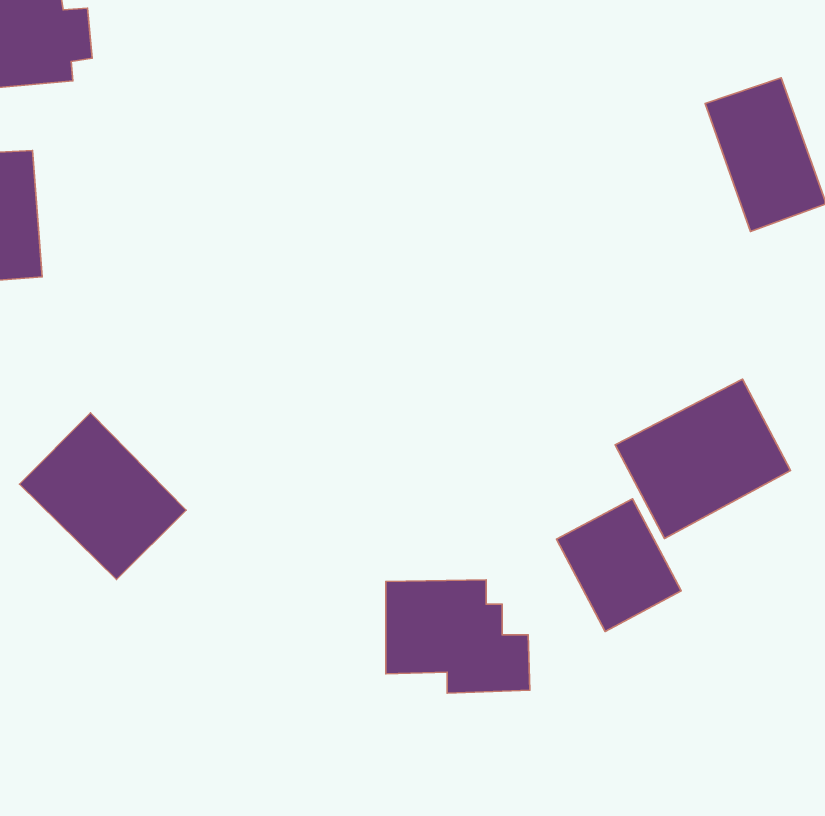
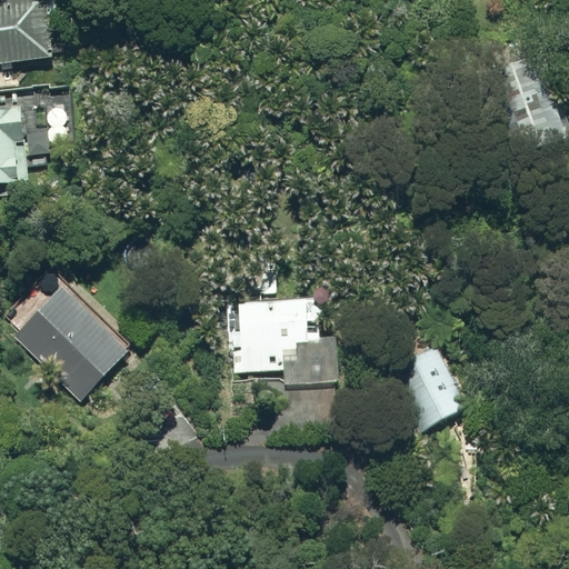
building: [615,379,791,538] -> none
building: [386,580,530,693] -> [238,302,337,380]

